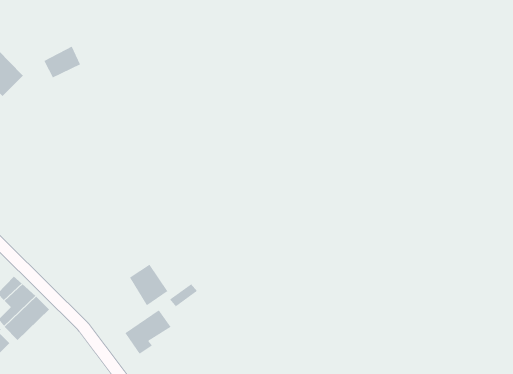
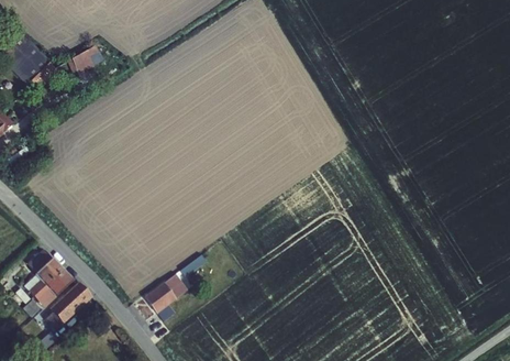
building: [129,264,168,306] -> none
building: none -> [52,283,90,322]

